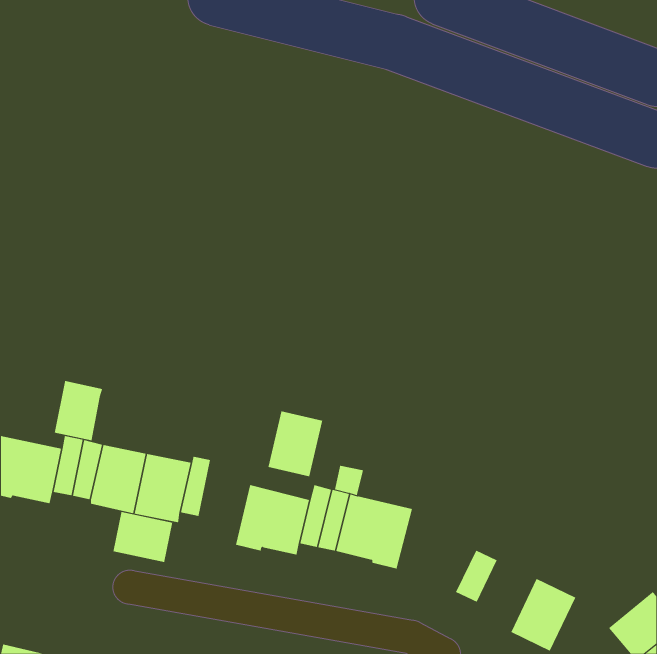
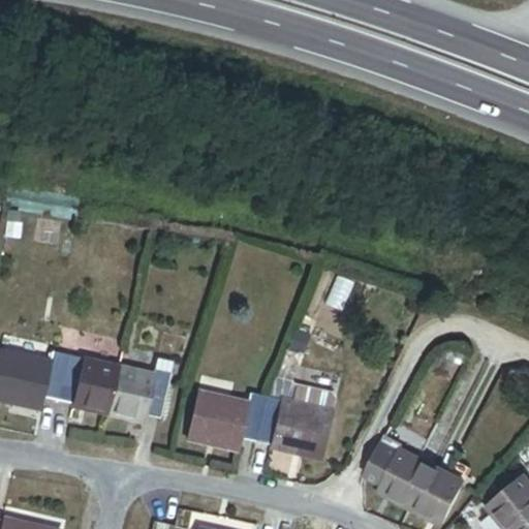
building: [54,380,103,441] -> none
building: [268,411,323,477] -> none
building: [113,511,173,563] -> none
building: none -> [379,450,431,508]

